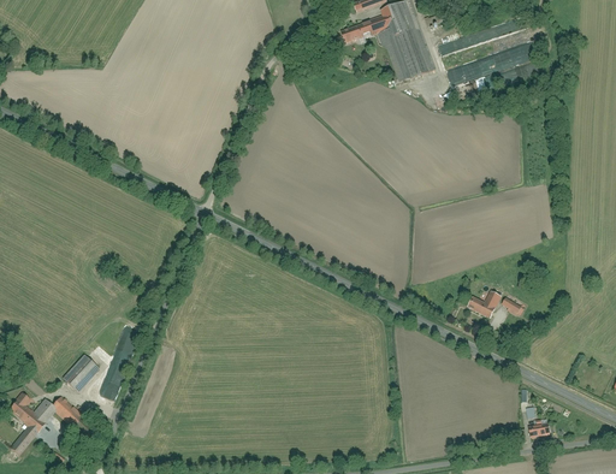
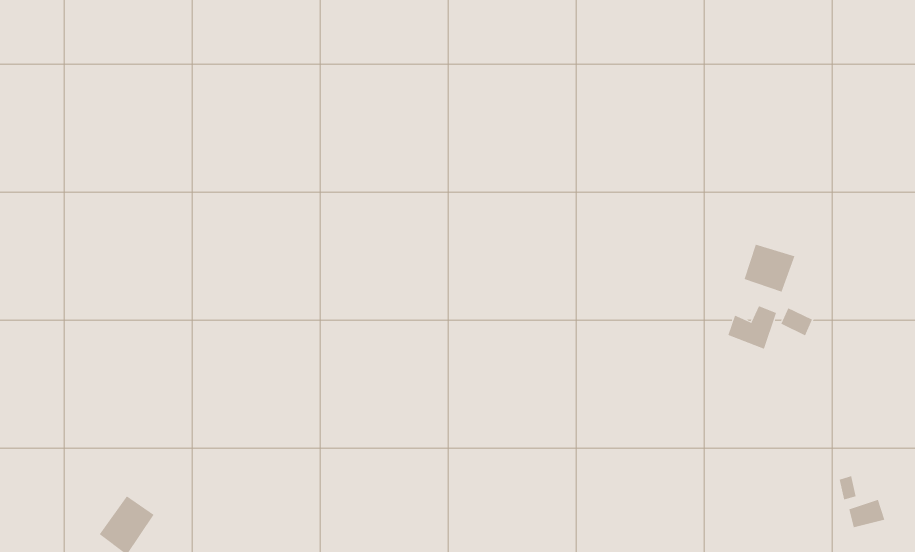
building: none -> [744,244,795,292]

